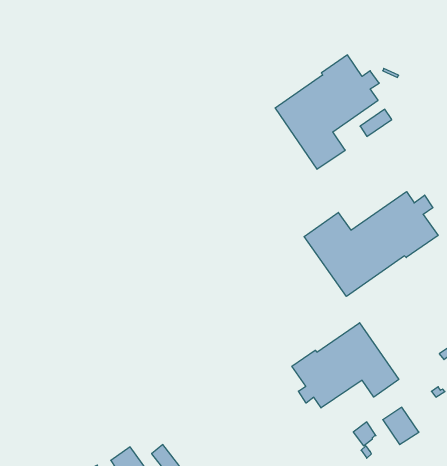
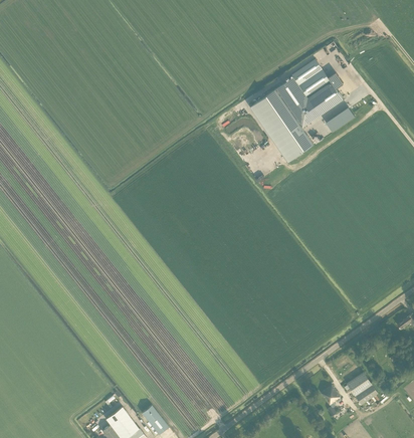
building: [304,192,438,296] -> none
building: [292,323,399,408] -> none

